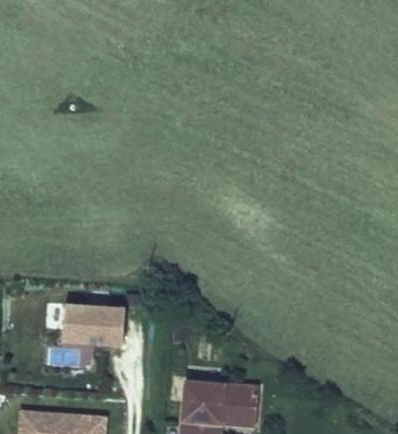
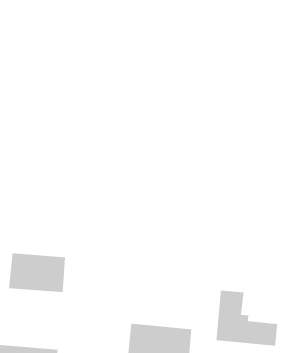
building: none -> [216,290,278,347]

